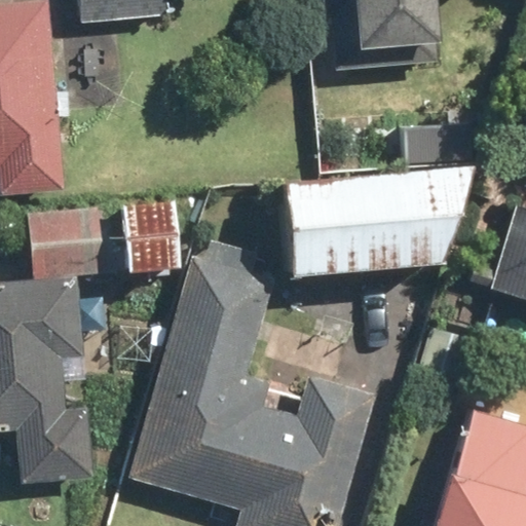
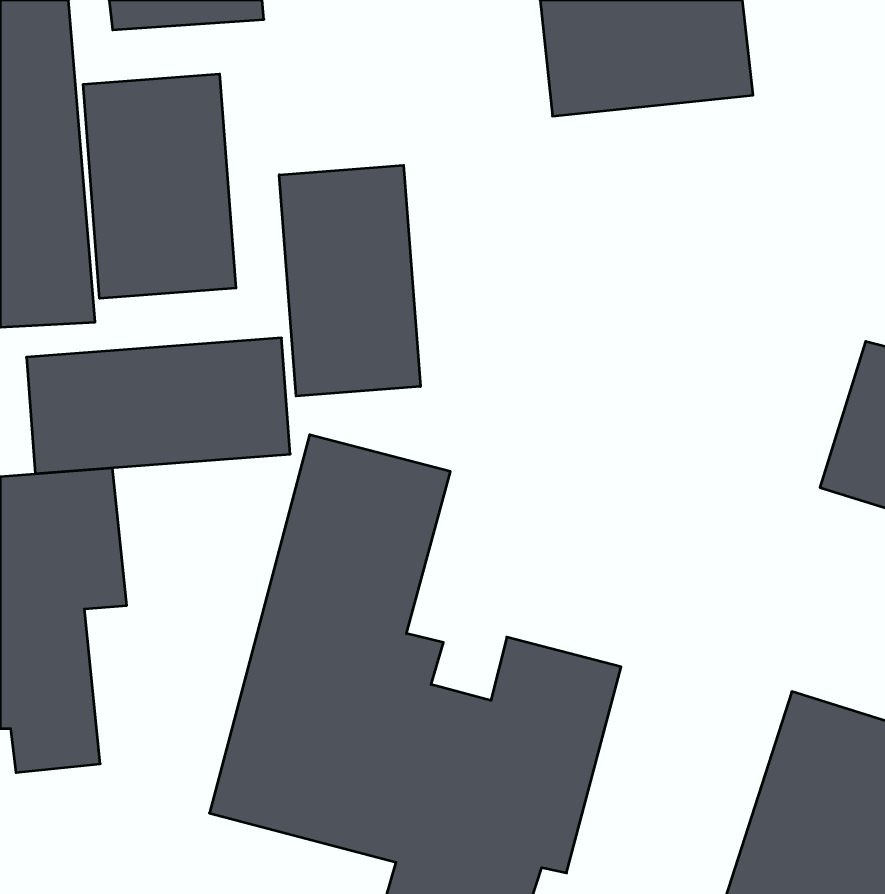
building: none -> [83,74,236,298]
building: none -> [279,165,420,396]
building: [270,166,476,276] -> none

